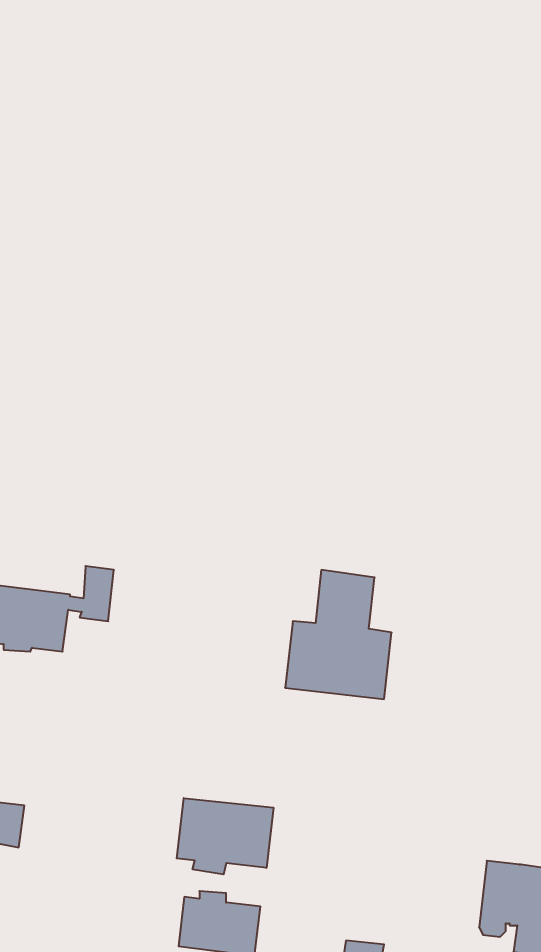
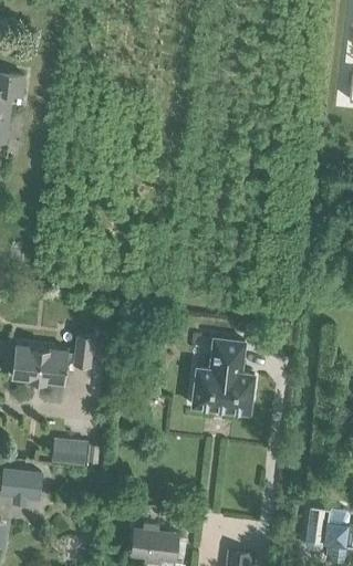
building: none -> [52,441,87,465]
building: [177,798,273,874] -> none

